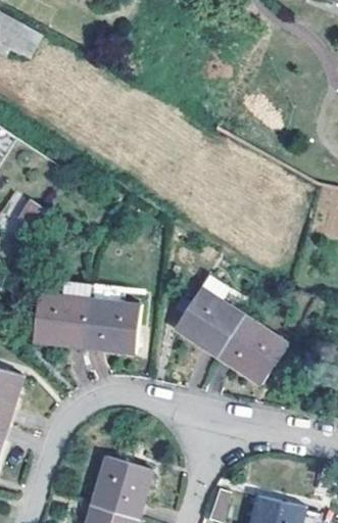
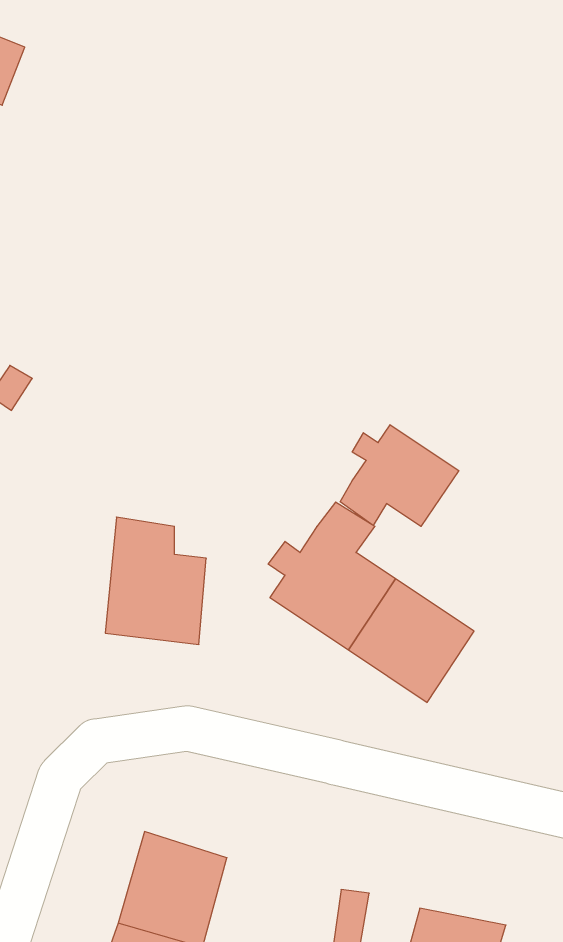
building: none -> [340,425,459,526]
building: [32,282,91,348] -> none

